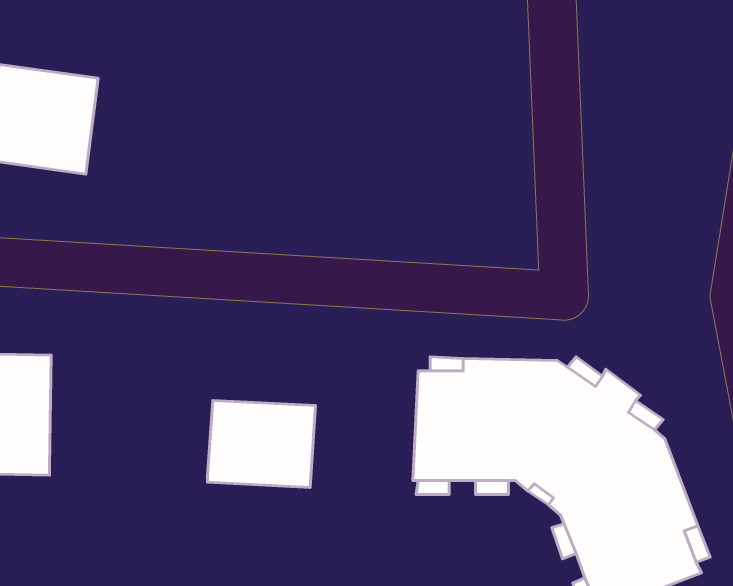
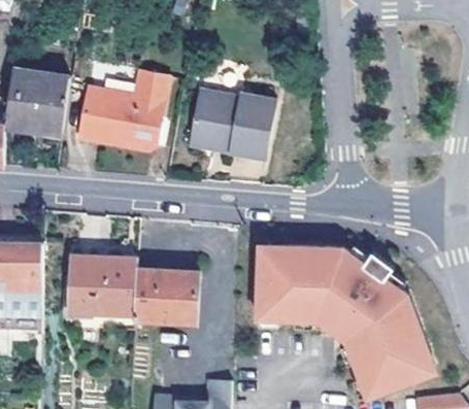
building: none -> [79,70,166,150]
building: none -> [191,90,276,156]
building: none -> [69,253,136,313]

